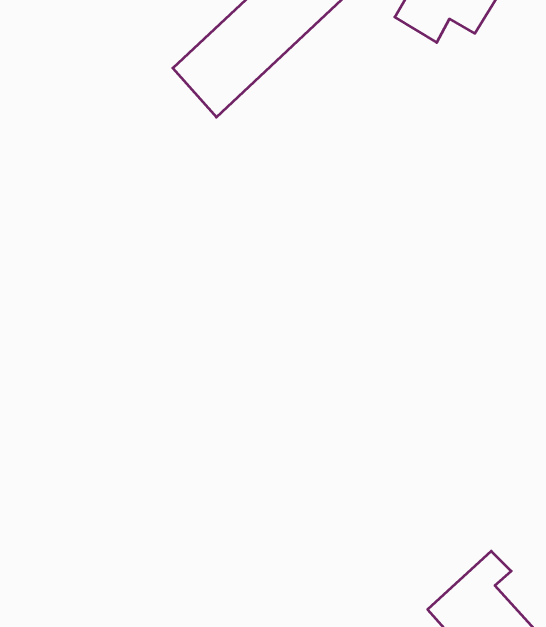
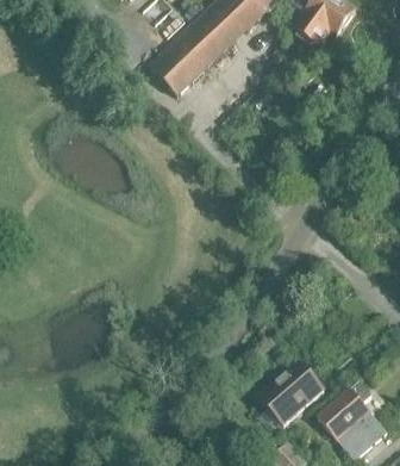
building: none -> [260,359,325,422]

